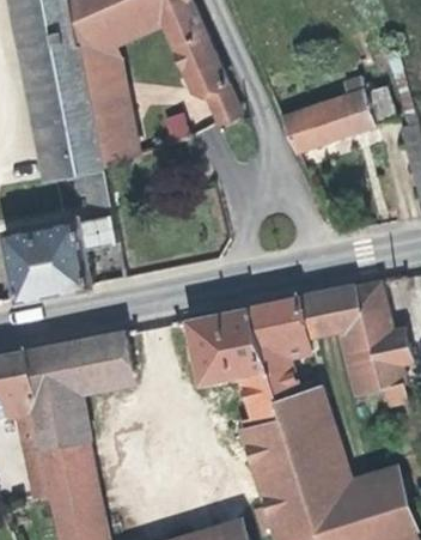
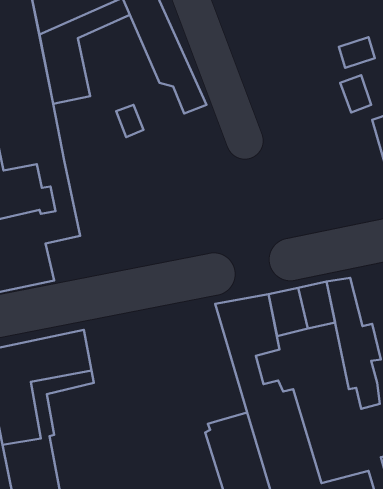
building: [285,91,377,153] -> none
building: [91,105,135,168] -> none
building: [184,307,279,419] -> none
building: [337,324,377,395] -> none

